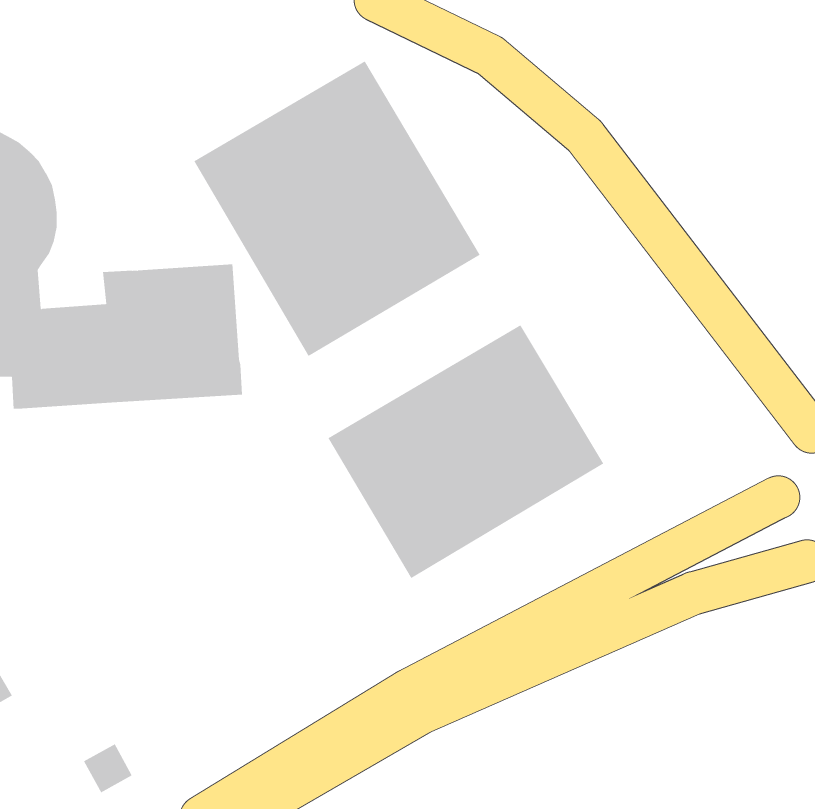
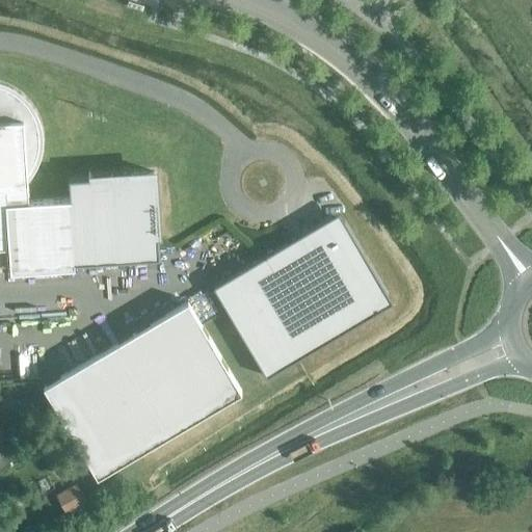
building: [194,61,481,357] -> none
building: none -> [42,305,240,482]

